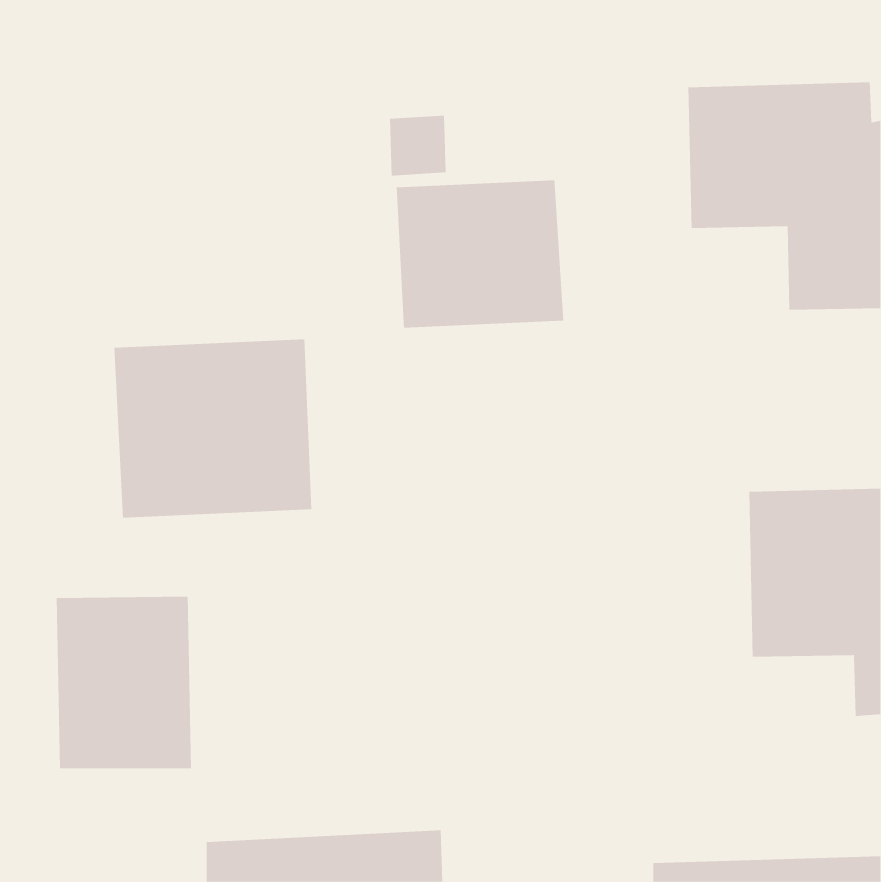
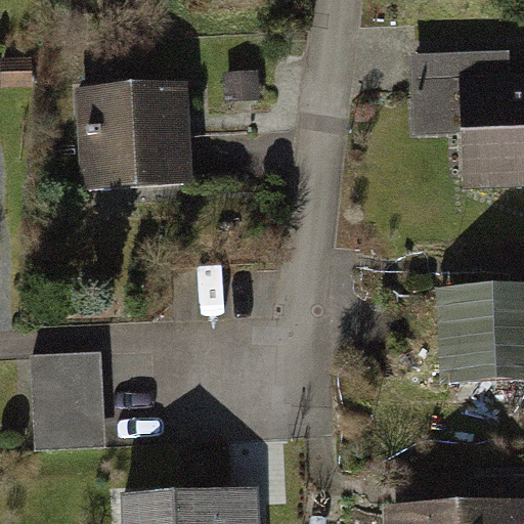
building: [396,180,564,329] -> none
building: [113,339,312,518] -> [79,88,195,193]

